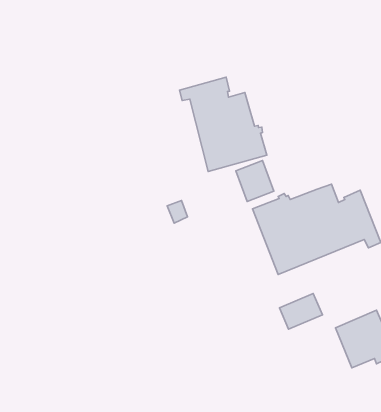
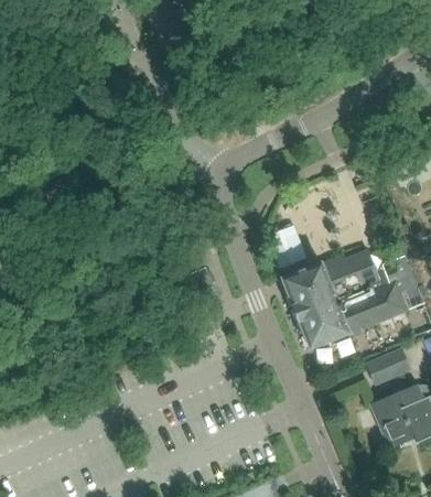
building: [180,77,267,171] -> none
building: [279,293,322,329] -> [365,347,411,386]

